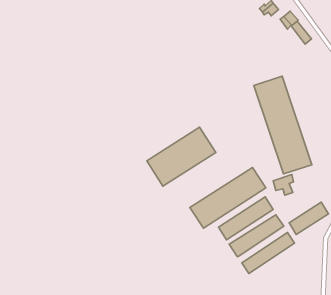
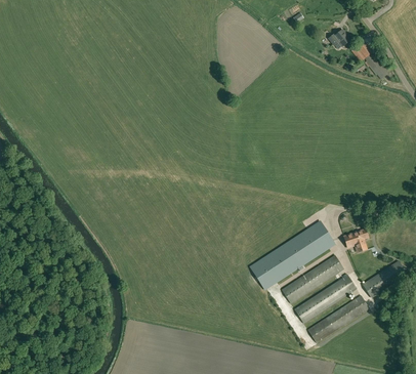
building: [254,76,312,174] -> none
building: [147,127,216,186] -> none

